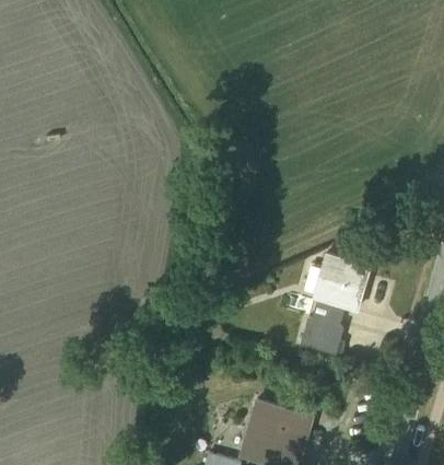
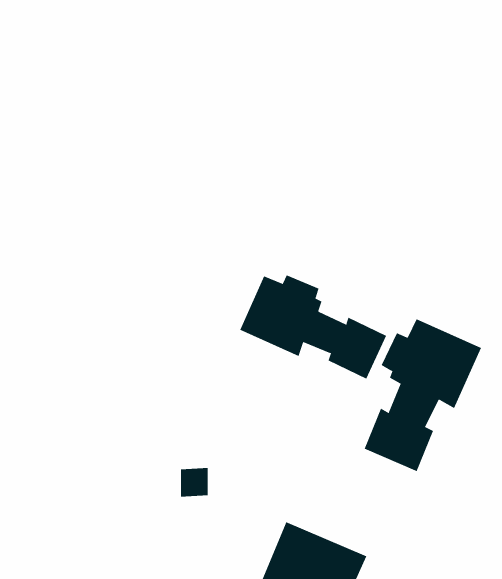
building: none -> [239,274,387,379]

